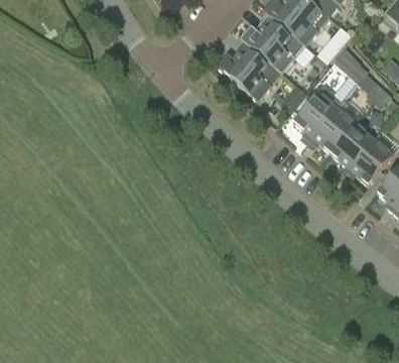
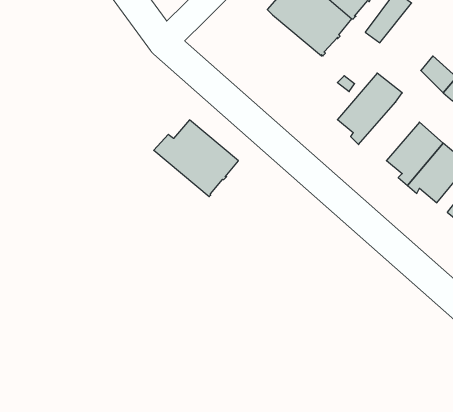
building: [217,42,281,101] -> [154,120,238,197]
building: [334,48,368,85] -> none
building: [309,109,356,153] -> none

